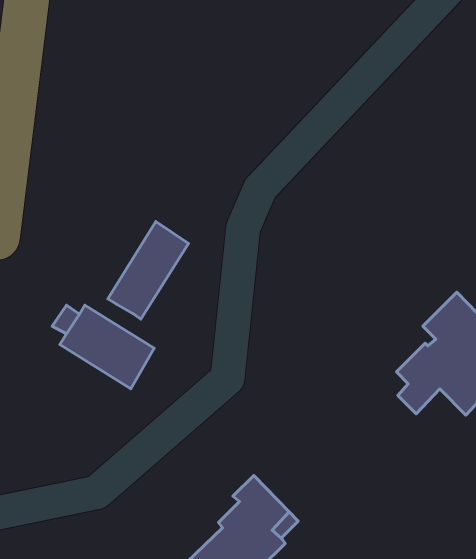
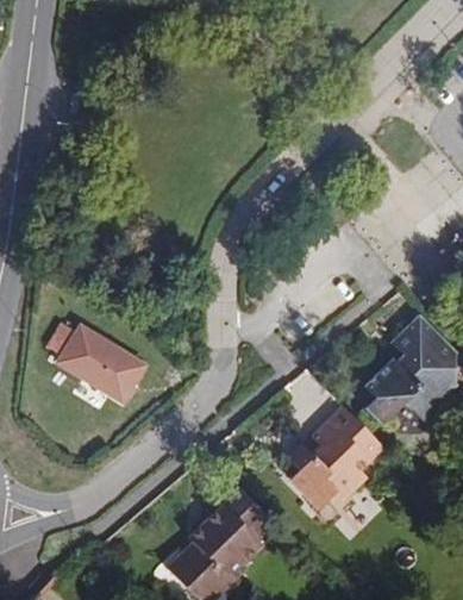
building: [108,221,188,319] -> none
building: none -> [286,408,388,505]

